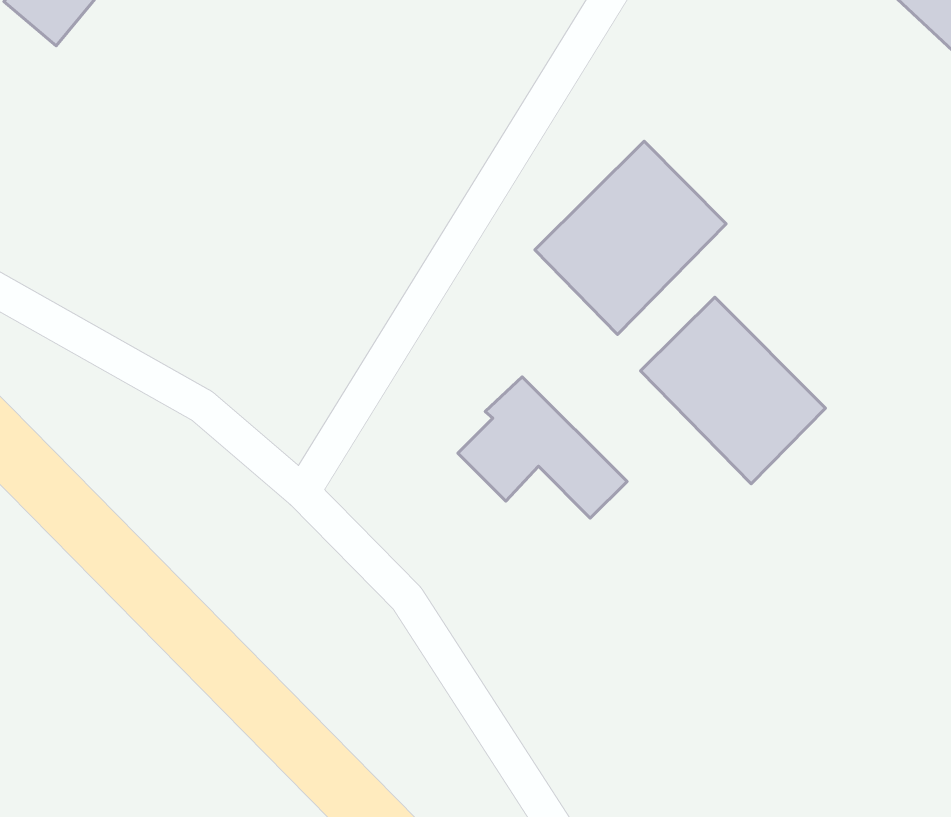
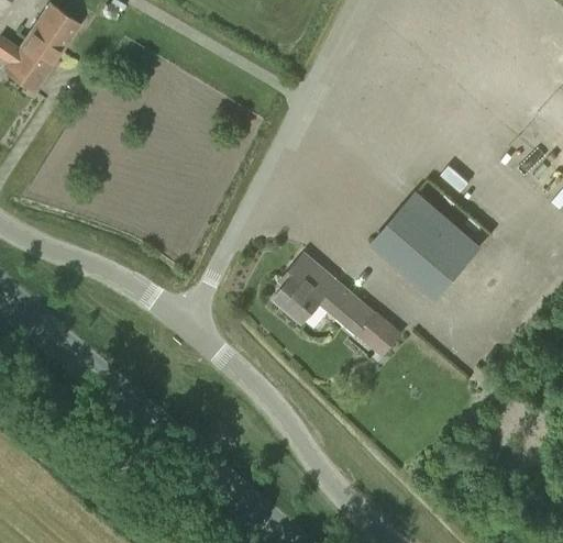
building: [535,141,726,334] -> none
building: none -> [355,309,404,356]

